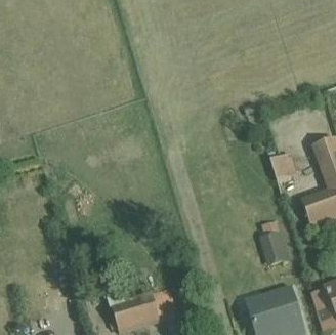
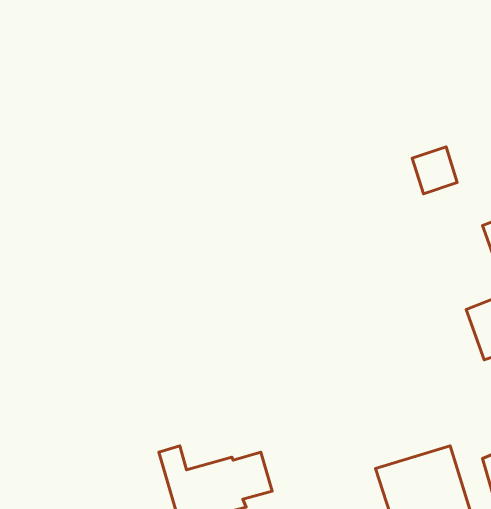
building: [270,154,299,183] -> [412,147,457,194]
building: [260,221,291,268] -> none

